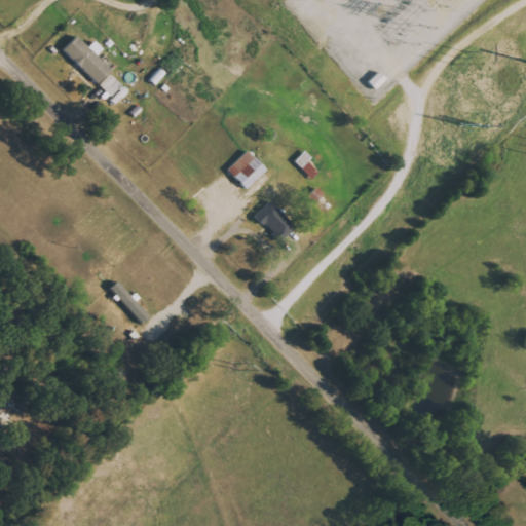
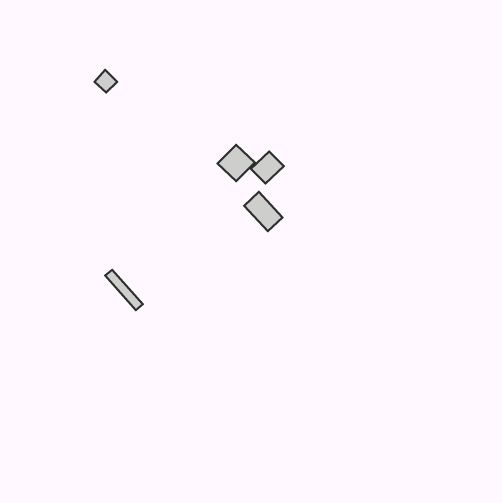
building: [63,36,111,83] -> none
building: none -> [251,151,284,183]

